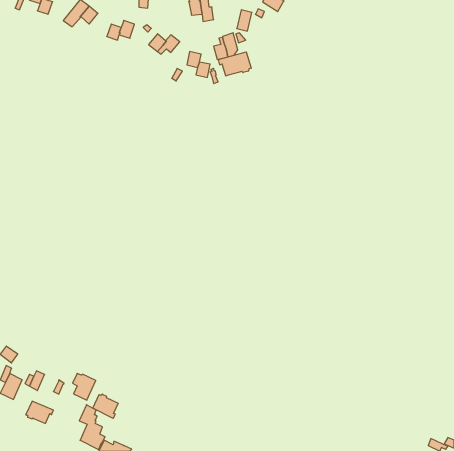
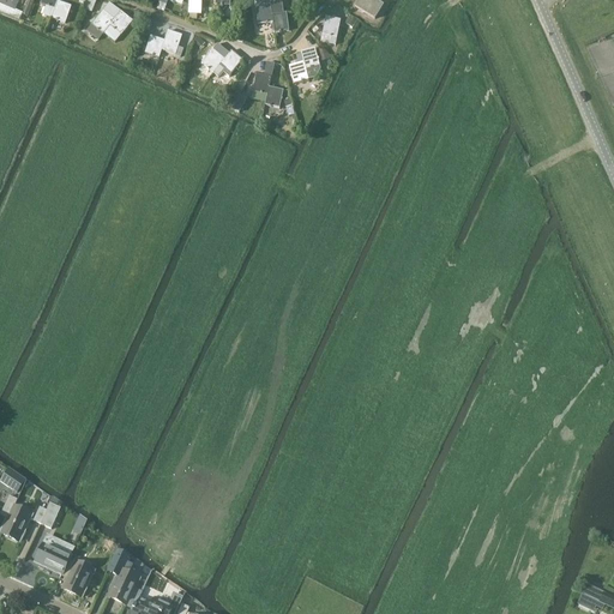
building: [218,52,251,76] -> none
building: [73,373,96,400] -> [61,558,92,594]
building: [93,394,118,418] -> none

